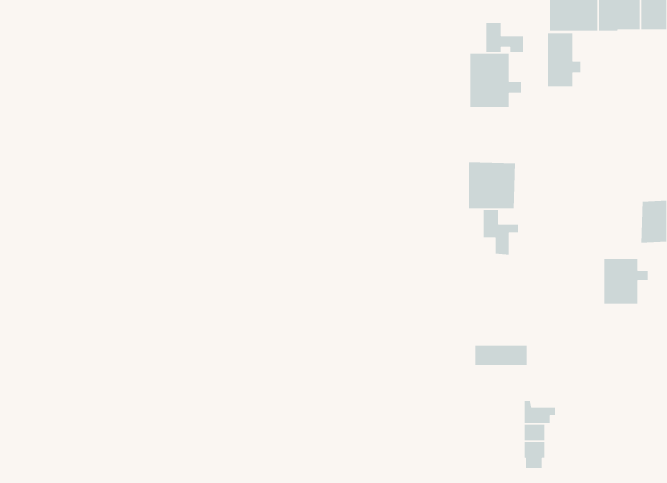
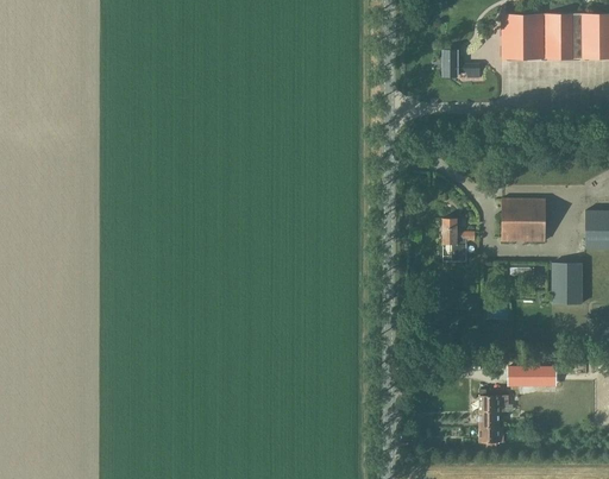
building: [547,33,581,87] -> none
building: [470,53,522,108] -> none
building: [468,161,516,209] -> [502,198,545,241]
building: [475,345,528,366] -> [508,366,555,385]

